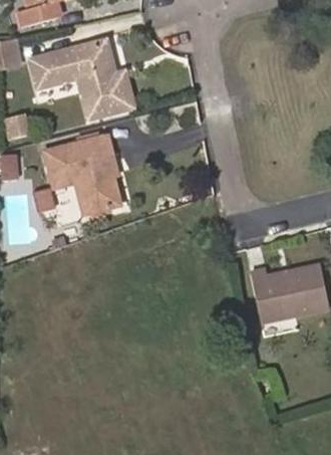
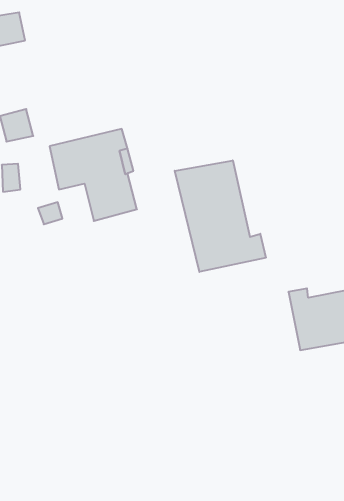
building: [31,35,133,113] -> none
building: none -> [175,160,266,272]

